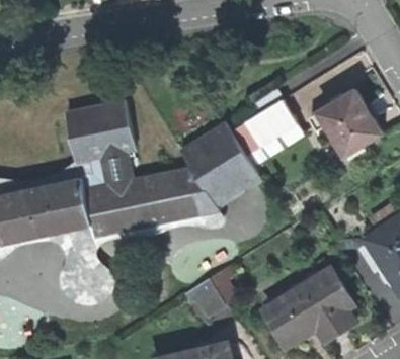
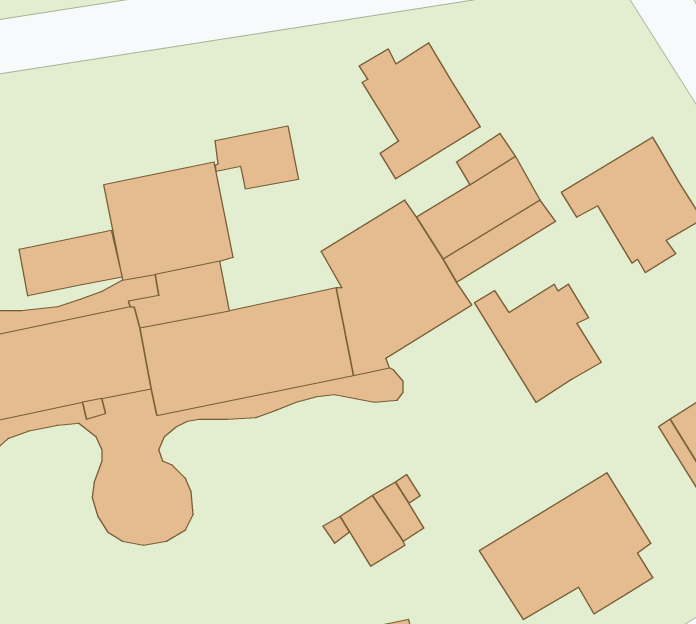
building: none -> [359,43,480,179]
building: none -> [215,126,298,189]
building: none -> [19,230,122,296]
building: none -> [475,284,601,402]

